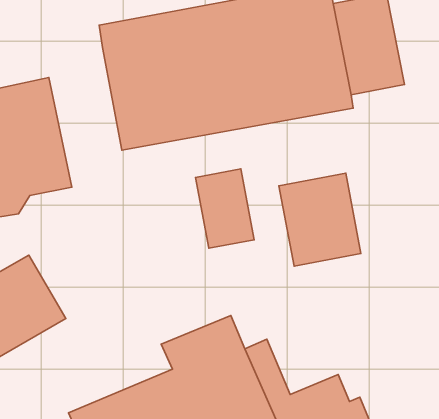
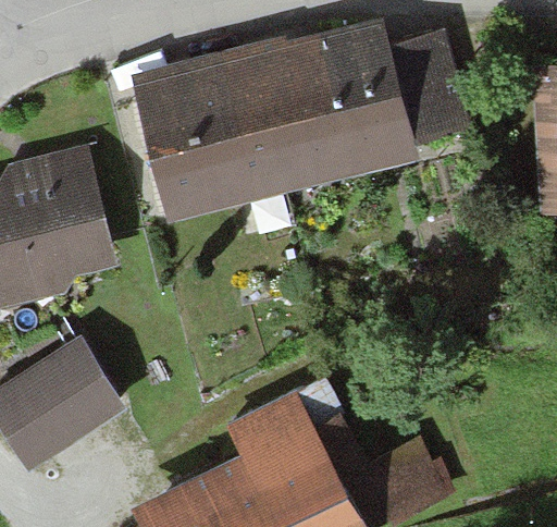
building: [196,169,254,248] -> none
building: [279,173,361,266] -> none

